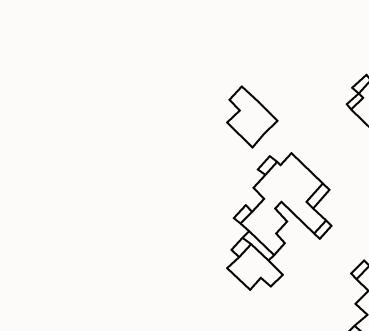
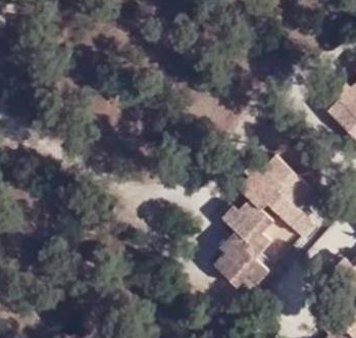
building: [227,86,278,148] -> none

